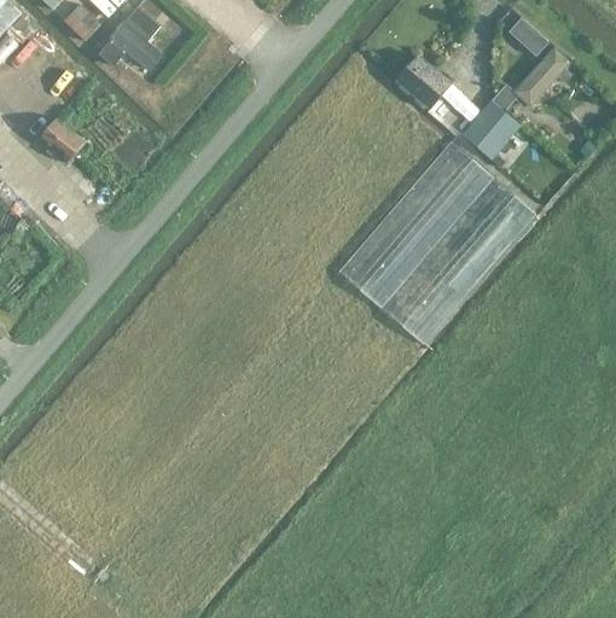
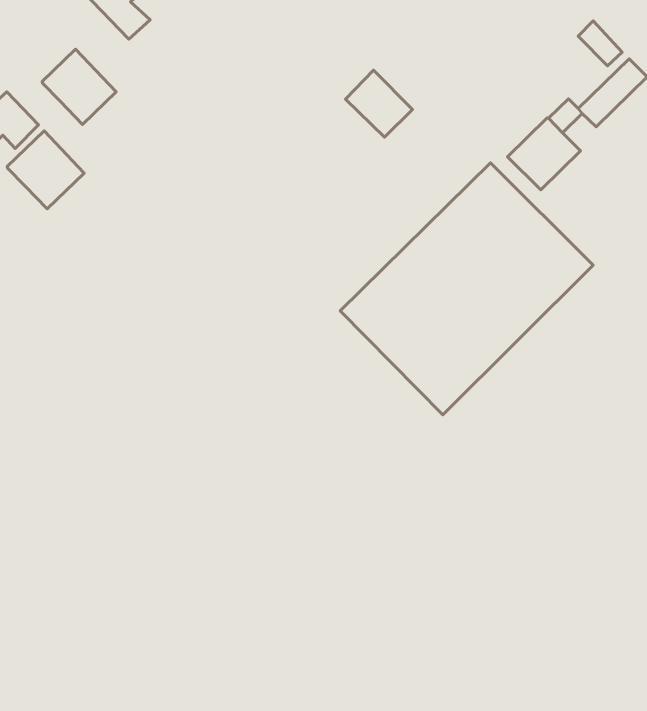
building: [396,54,451,107] -> [345,70,412,137]
building: none -> [42,49,116,124]
building: none -> [7,131,84,209]

